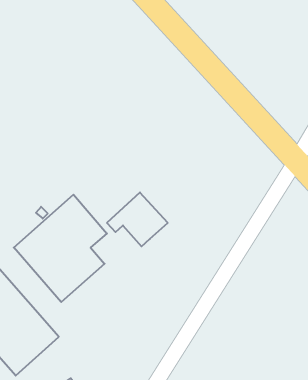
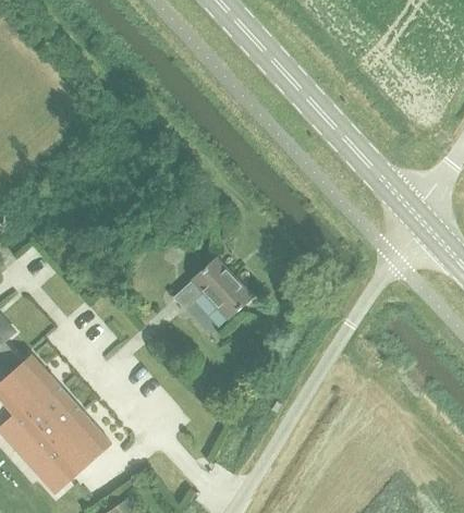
building: [14,195,107,302] -> none

